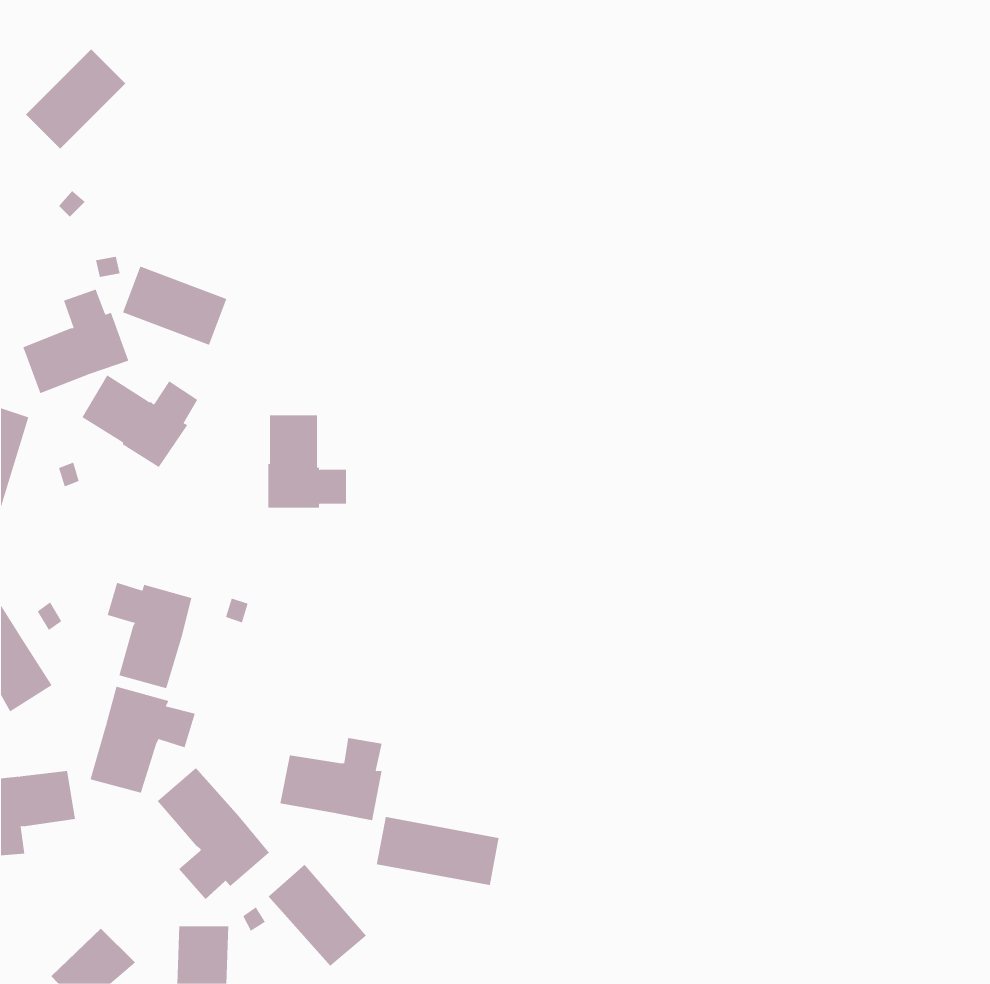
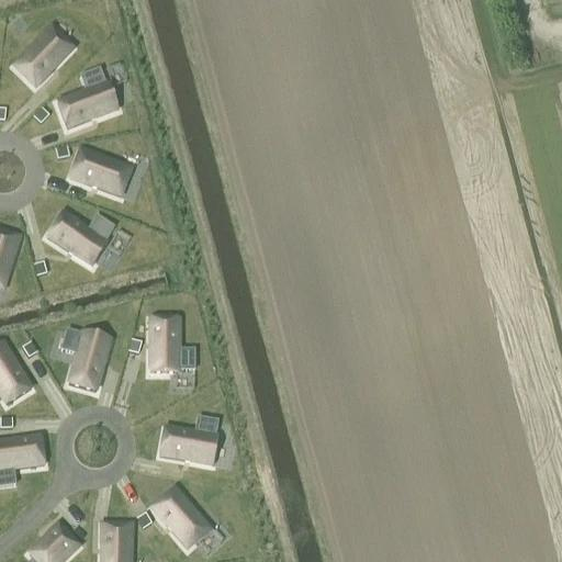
building: [22,289,129,394] -> [57,68,117,127]
building: [267,415,347,508] -> [149,318,194,371]
building: [90,686,195,794] -> none
building: [157,767,270,900] -> none
building: [376,816,499,886] -> none

